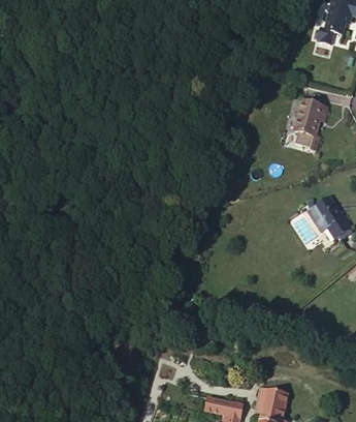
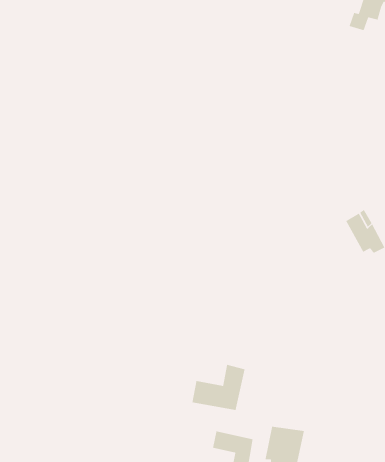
building: [298,106,329,156] -> none
building: none -> [191,364,246,411]

